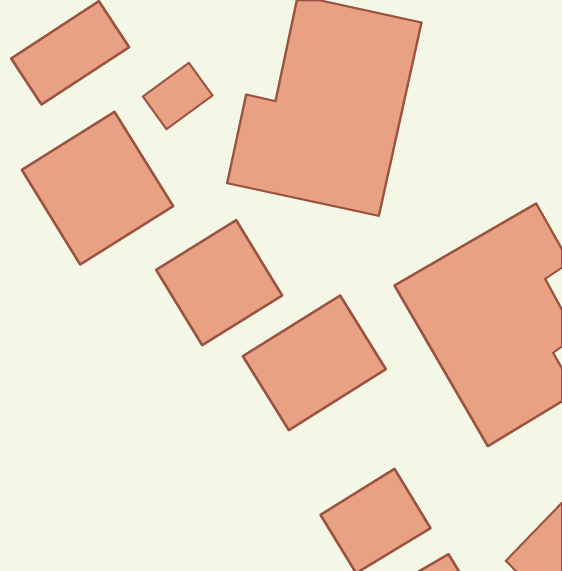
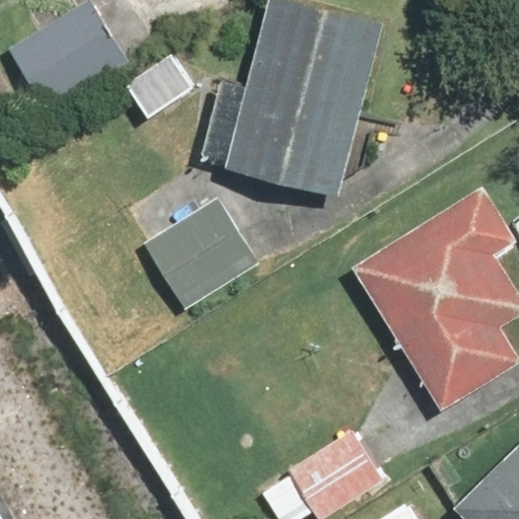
building: [22,112,173,264] -> none
building: [243,295,386,430] -> none

